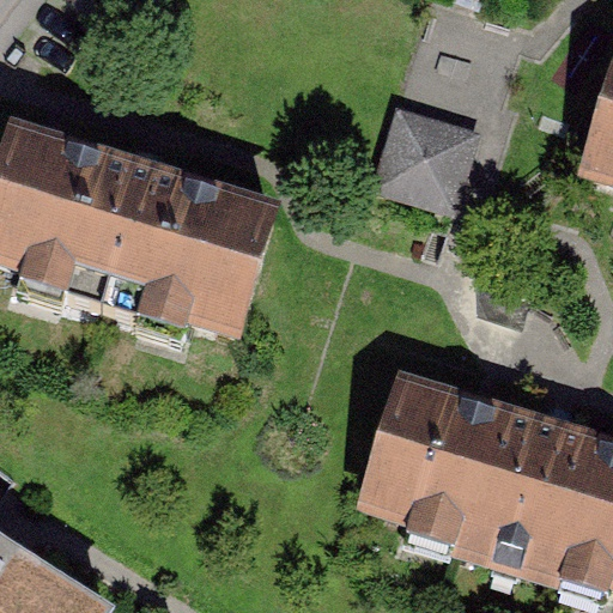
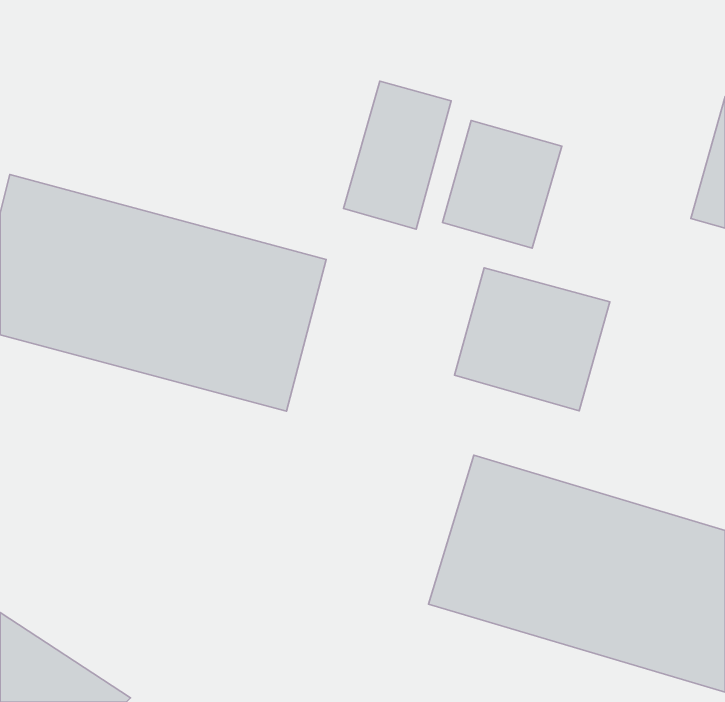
building: none -> [344,81,451,229]
building: none -> [454,268,610,411]

